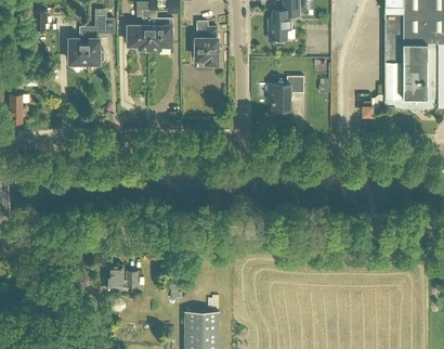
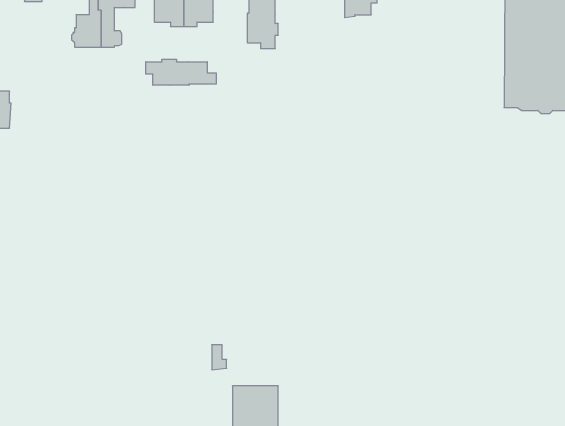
building: none -> [146,59,216,85]
building: [269,77,303,111] -> none
building: [105,266,138,287] -> none

